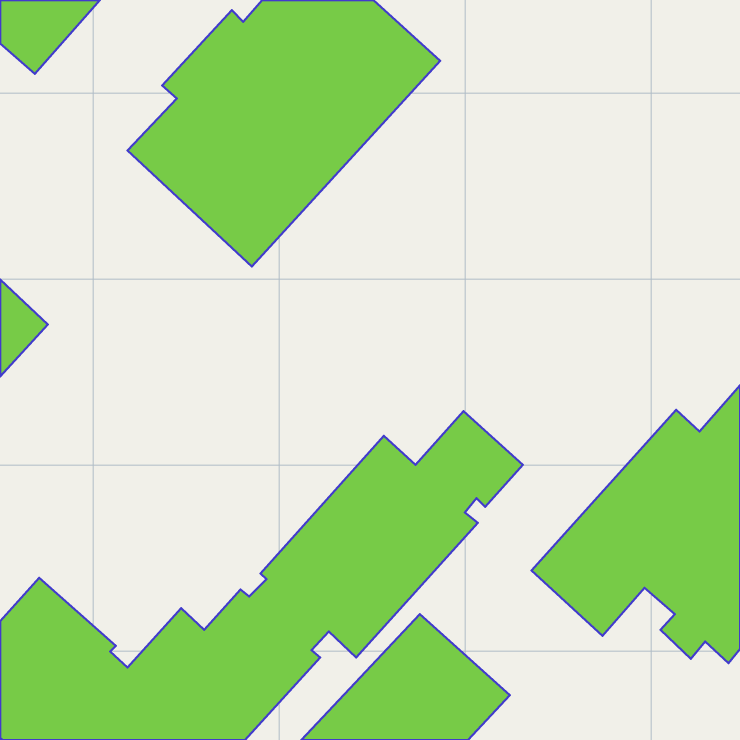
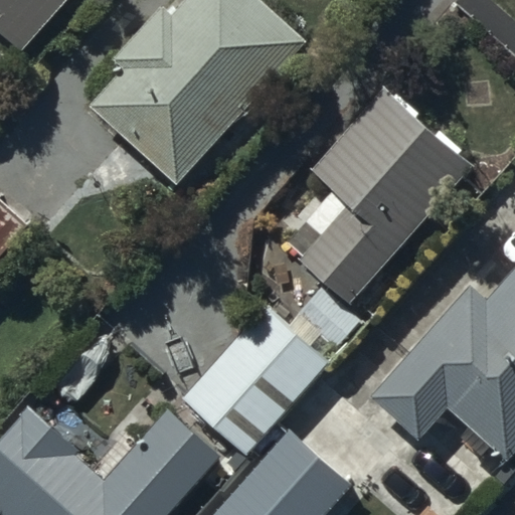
building: none -> [286,84,474,306]

